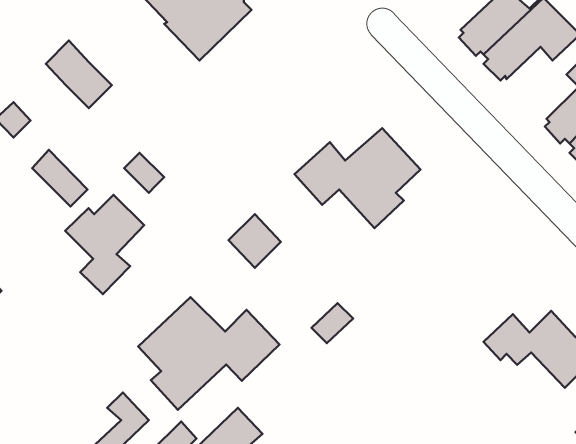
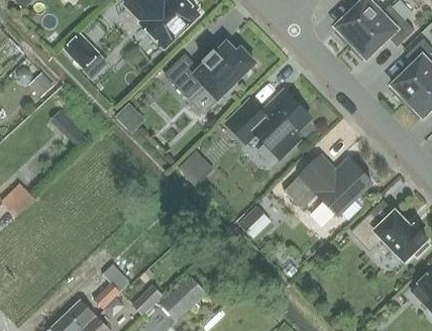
building: none -> [165,42,254,99]
building: [65,195,144,294] -> none
building: none -> [284,154,371,216]
building: [138,297,280,410] -> none

